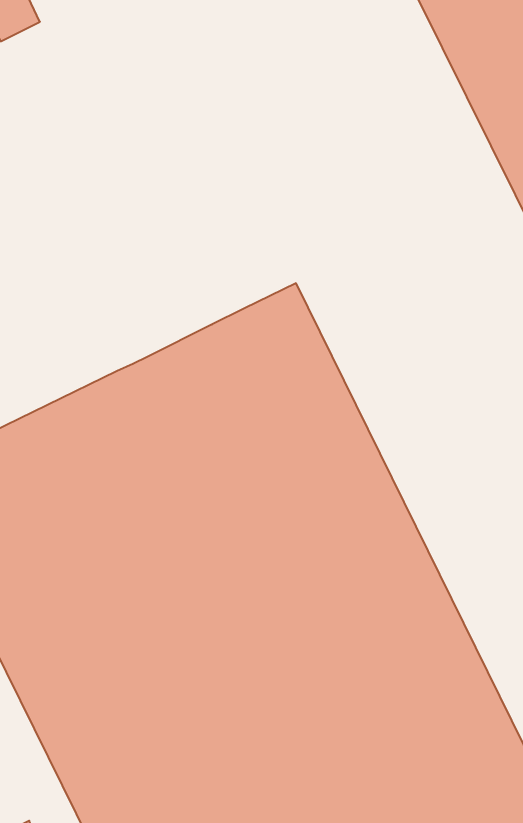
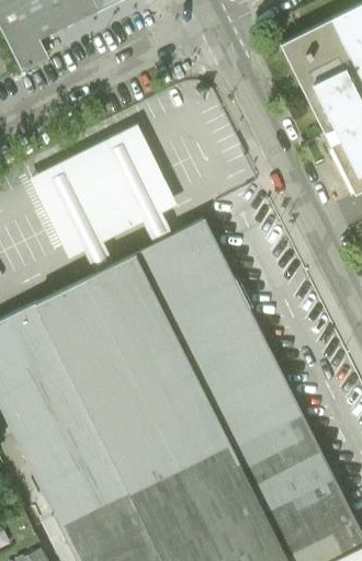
building: none -> [29,124,179,272]

